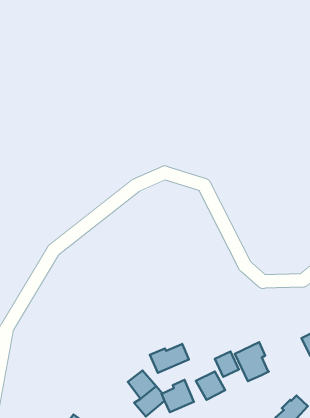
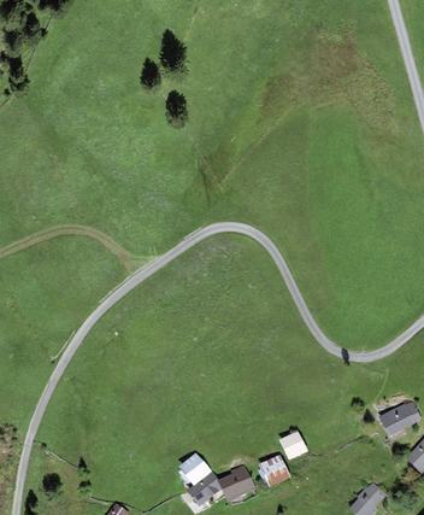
building: [235,342,269,381] -> none
building: [150,344,189,373] -> none

